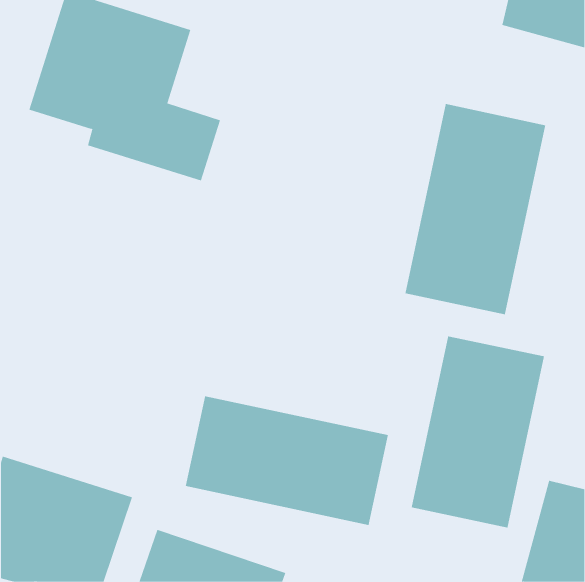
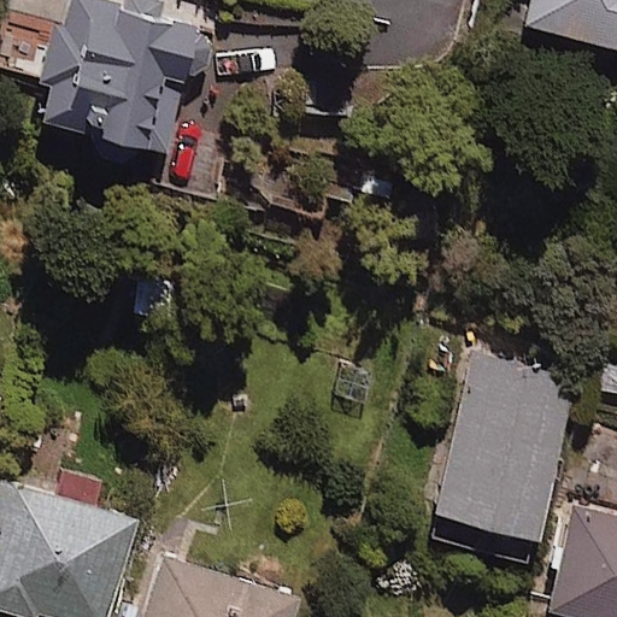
building: [405,103,546,315] -> none
building: [185,395,388,526] -> none

